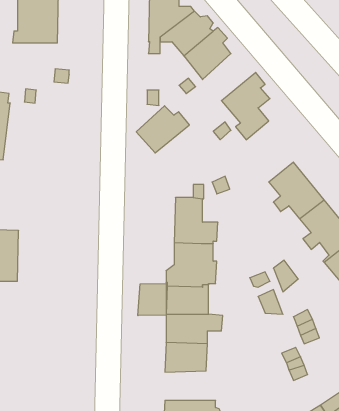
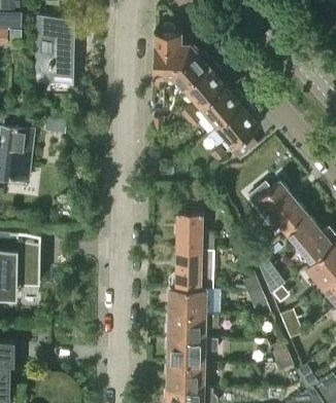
building: [136,106,189,153] -> [201,86,247,127]
building: [138,284,166,316] -> none
building: none -> [168,363,204,389]

